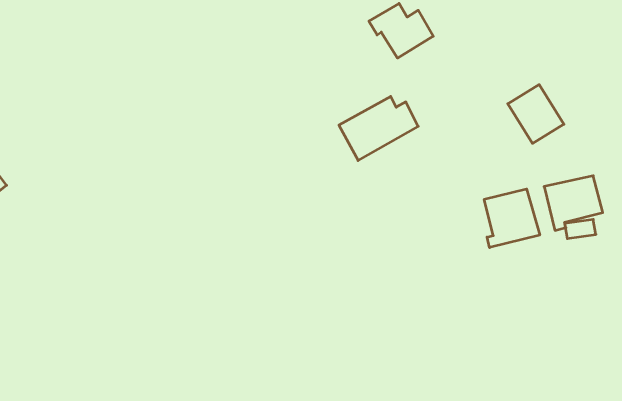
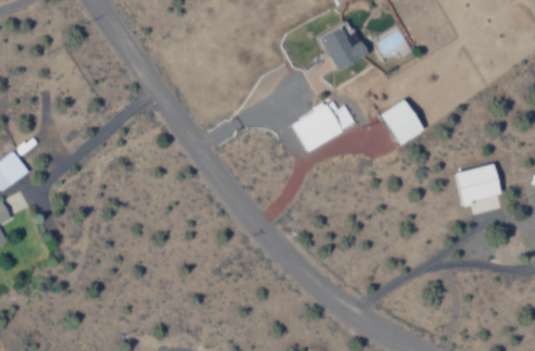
building: [508,85,564,143] -> [380,99,424,146]
building: [484,189,540,248] -> none

